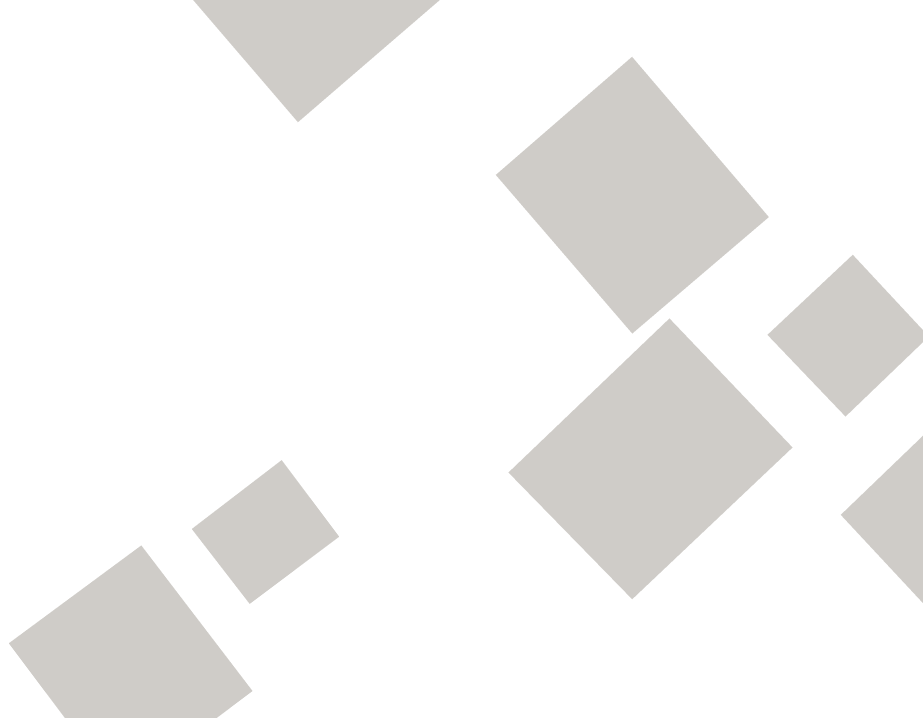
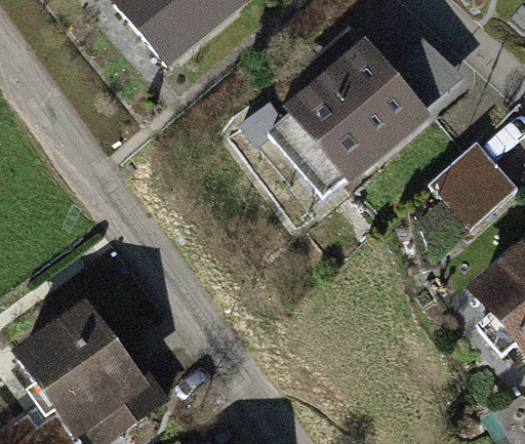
building: [507,318,794,600] -> none
building: [190,459,341,605] -> none

